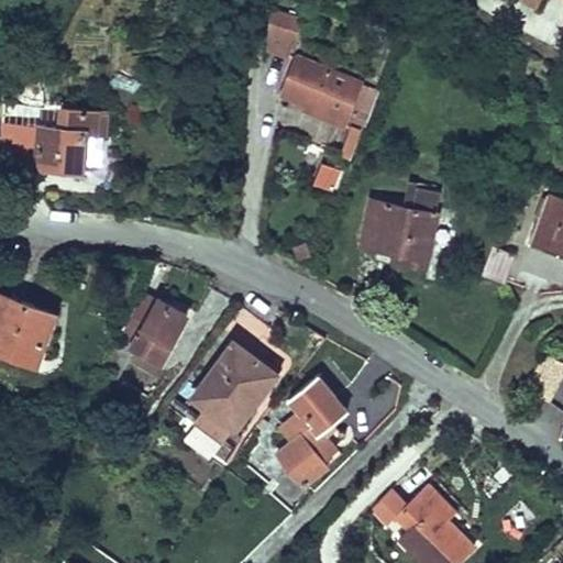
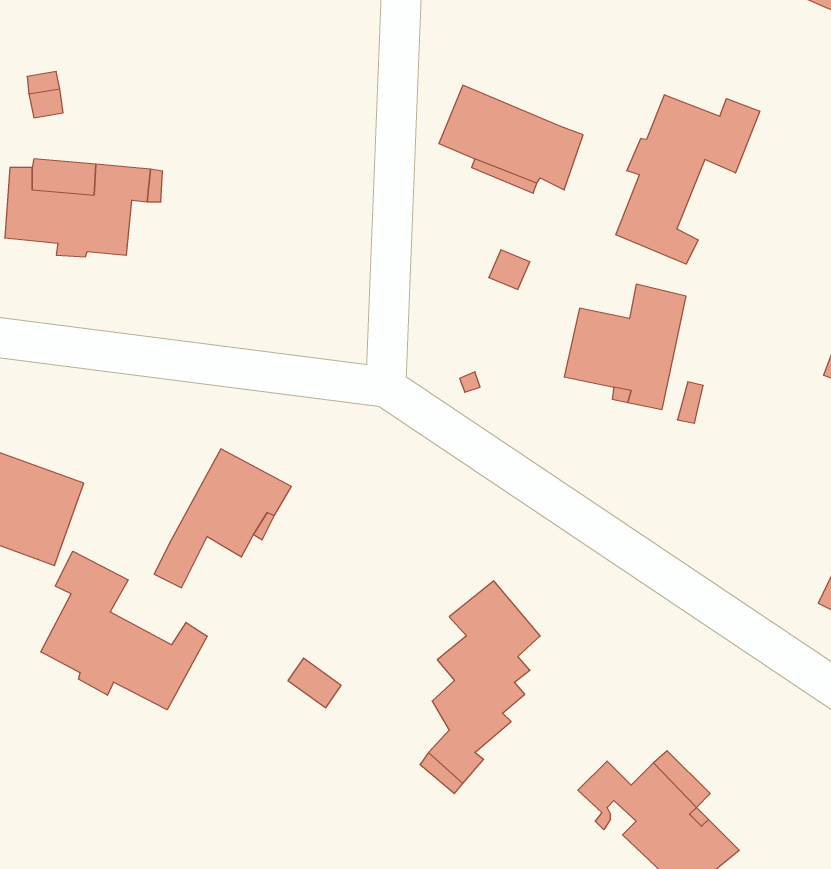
building: [268,12,301,58] -> none
building: none -> [616,95,760,264]
building: [194,343,277,449] -> none
building: none -> [41,551,207,710]

